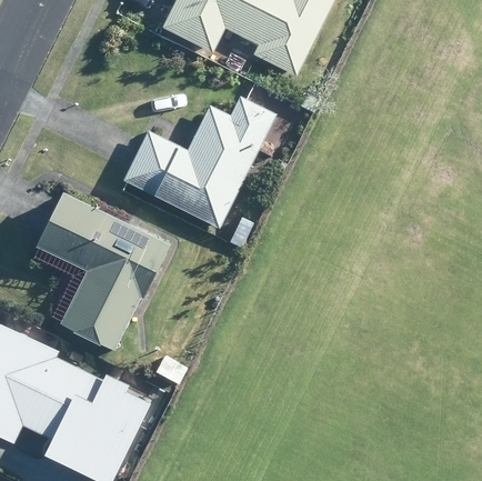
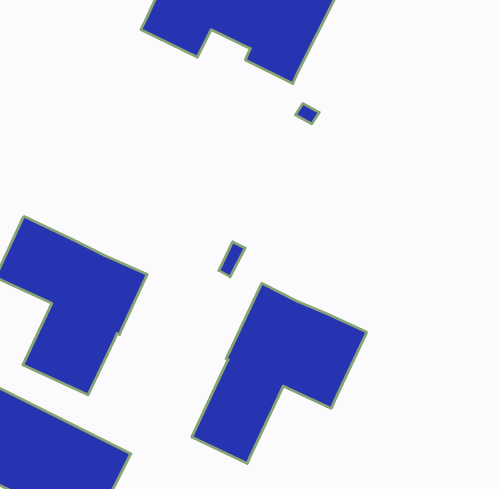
building: [121,94,274,227] -> none
building: none -> [192,283,366,464]

